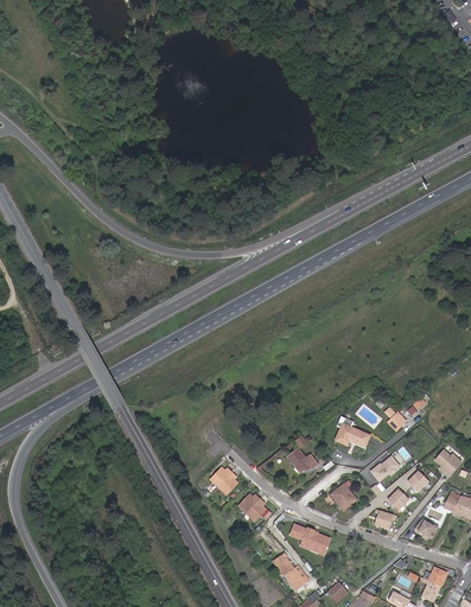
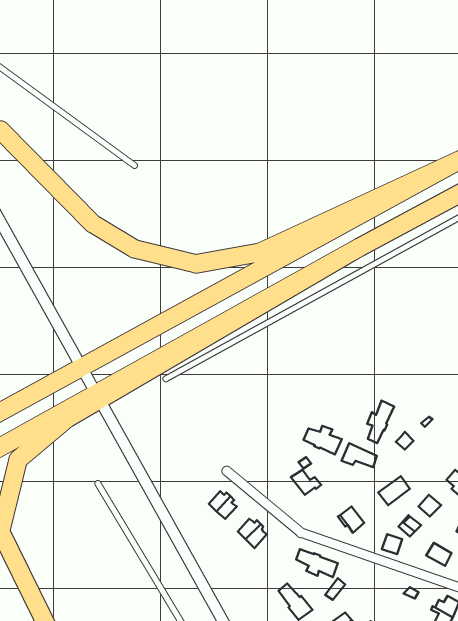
building: none -> [367,400,394,443]
building: none -> [303,426,342,455]

